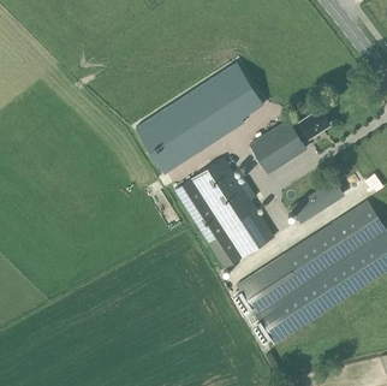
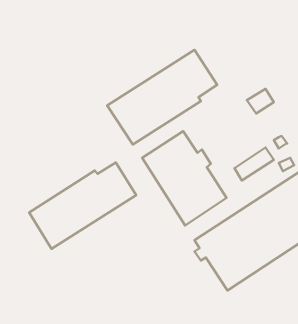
building: [250,120,306,173] -> none
building: none -> [29,163,136,249]

